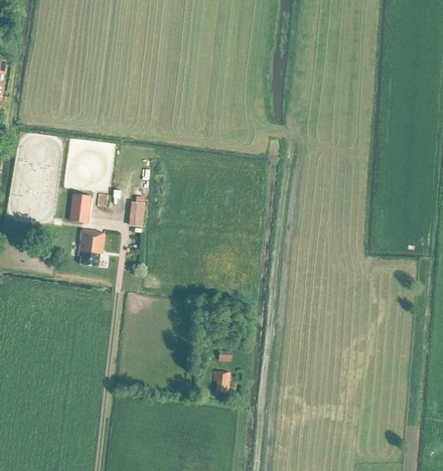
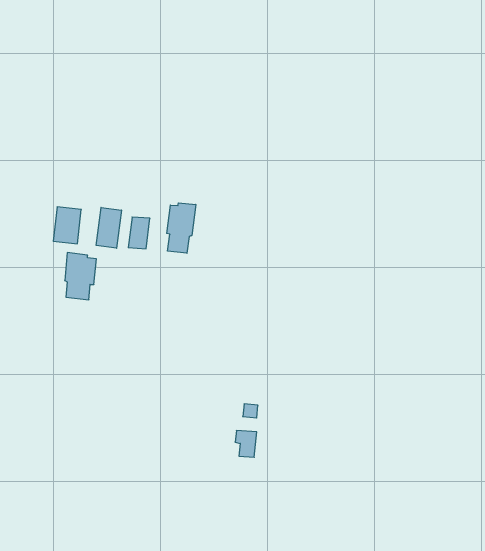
building: none -> [167,203,196,253]
building: none -> [96,207,121,248]

